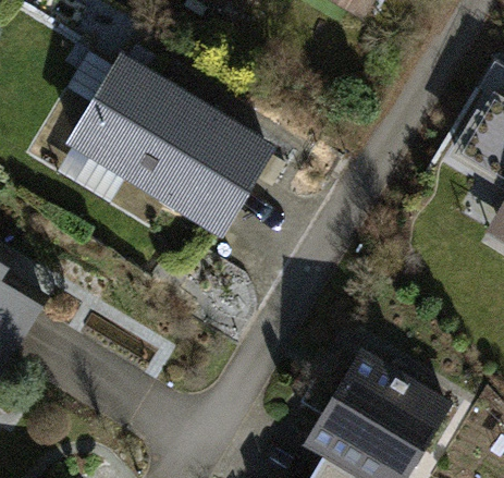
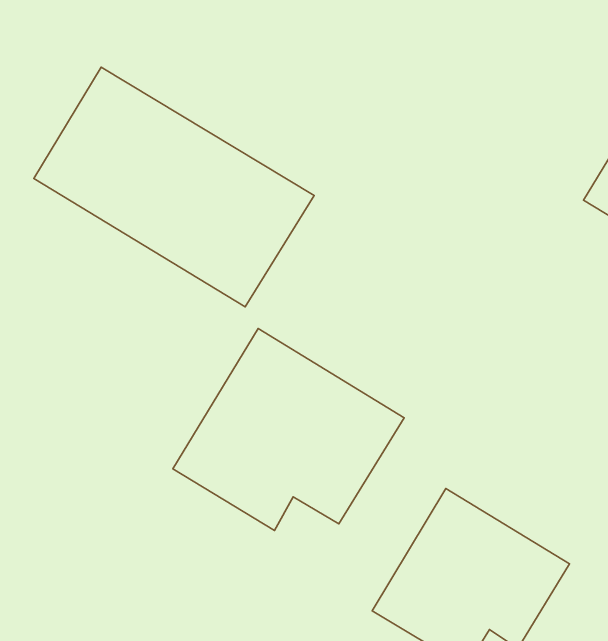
building: none -> [173,328,404,530]

